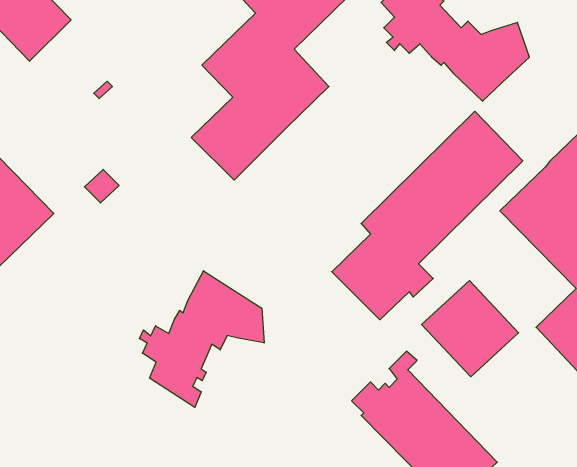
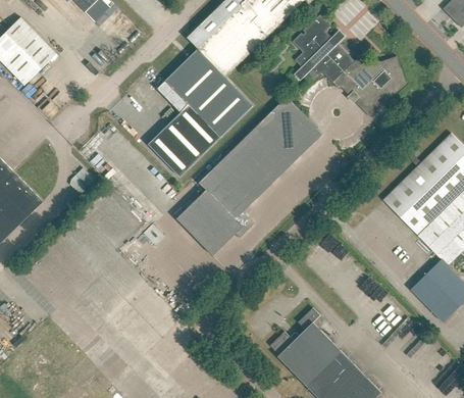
building: [332,111,523,320] -> [175,96,321,255]
building: [139,271,264,407] -> none
building: [422,281,519,377] -> none

